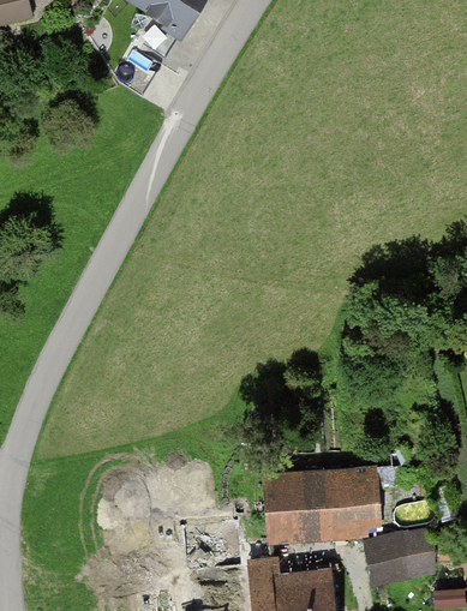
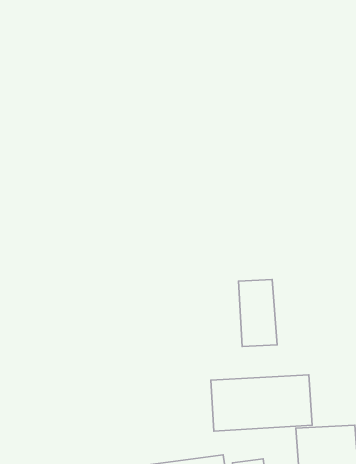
building: none -> [238,279,277,347]

